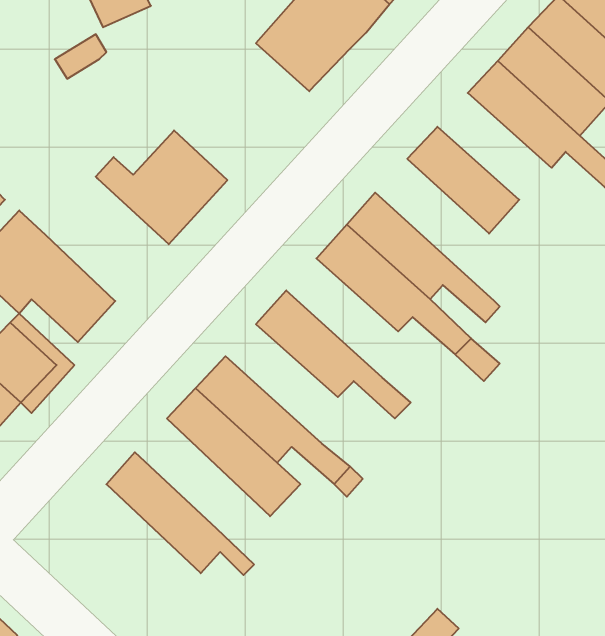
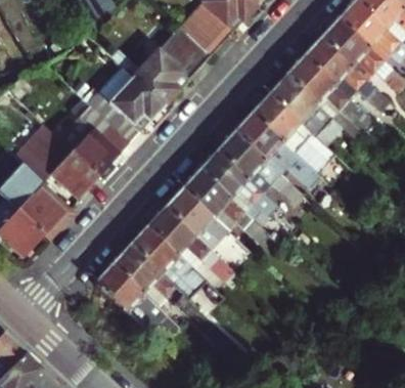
building: none -> [111,28,211,106]
building: none -> [284,56,372,139]
building: none -> [249,94,334,176]
building: none -> [59,105,130,176]
building: none -> [197,152,286,225]
building: none -> [163,189,235,258]
building: none -> [110,244,199,319]

